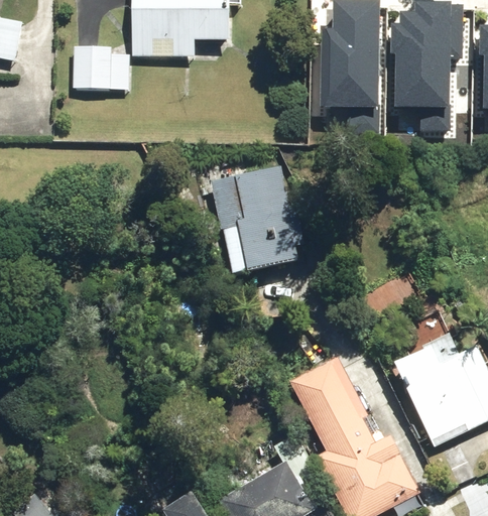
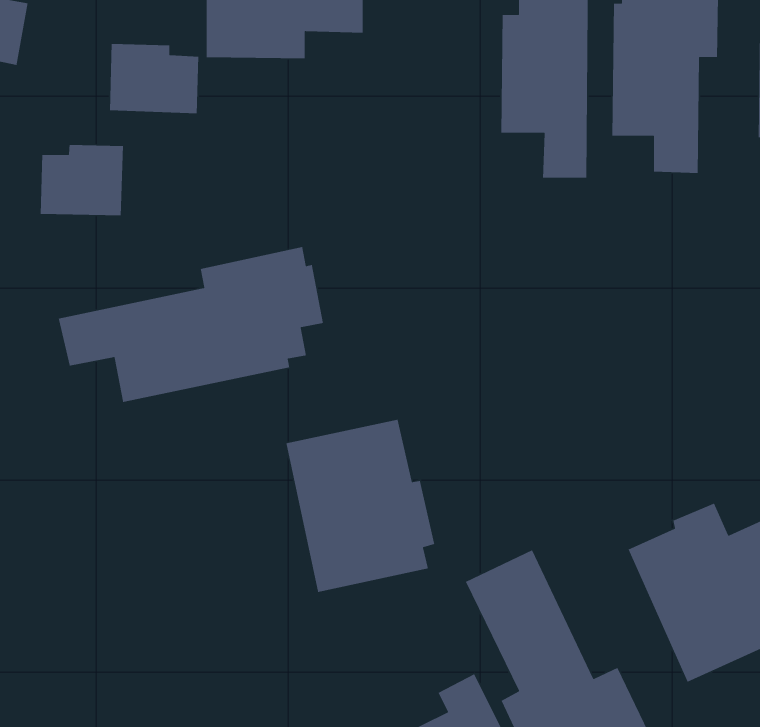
building: none -> [40,144,124,216]
building: [214,165,308,274] -> [285,419,435,593]
building: none -> [58,246,324,403]

